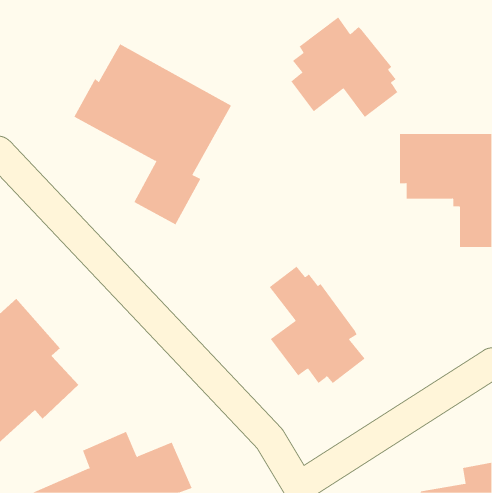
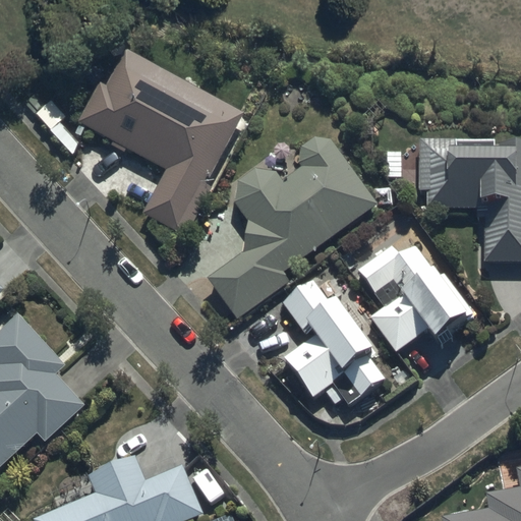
building: [291,16,398,118] -> none
building: none -> [208,138,378,317]
building: none -> [359,245,472,353]

